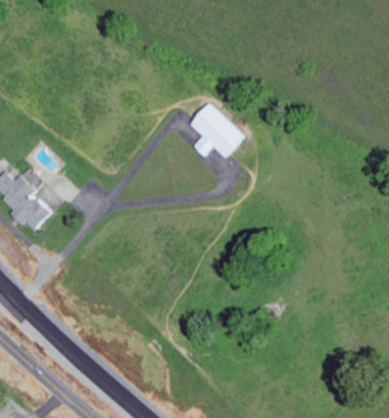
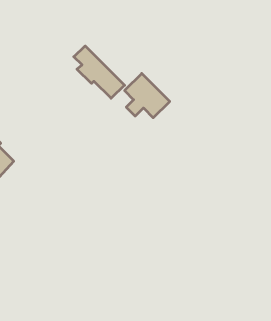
building: none -> [74,46,125,98]

